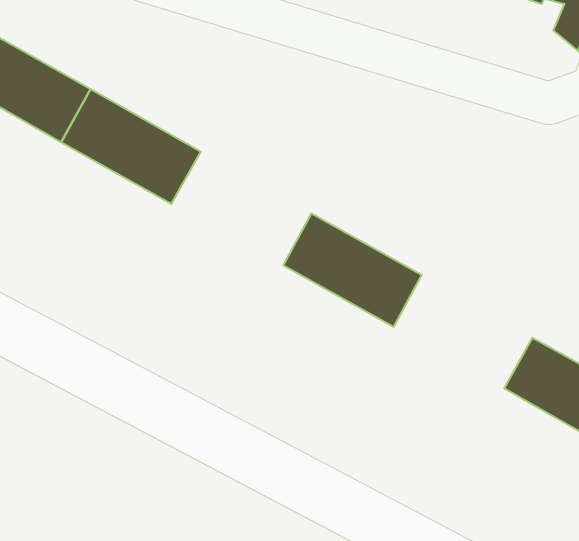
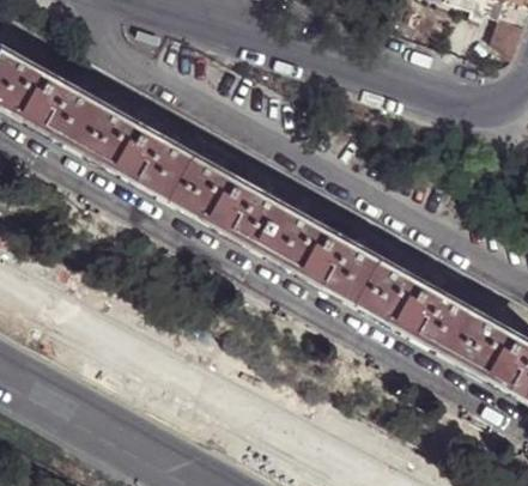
building: none -> [162,150,281,247]
building: none -> [352,255,471,352]

